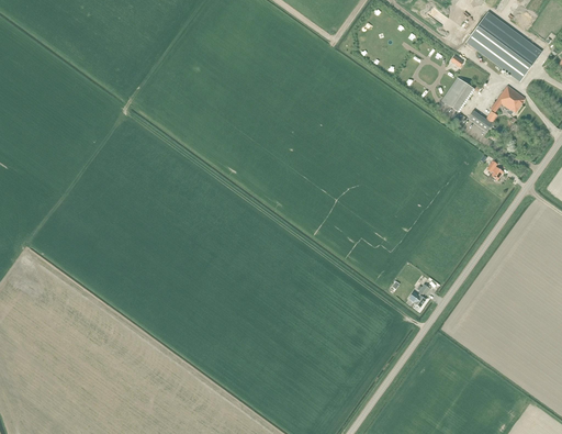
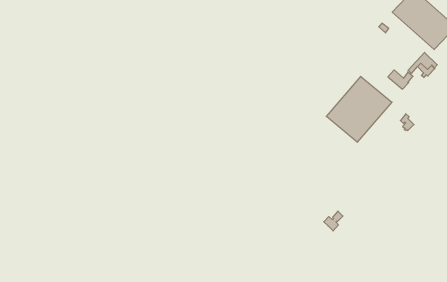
building: [441,76,475,111] -> none
building: none -> [326,76,392,142]

